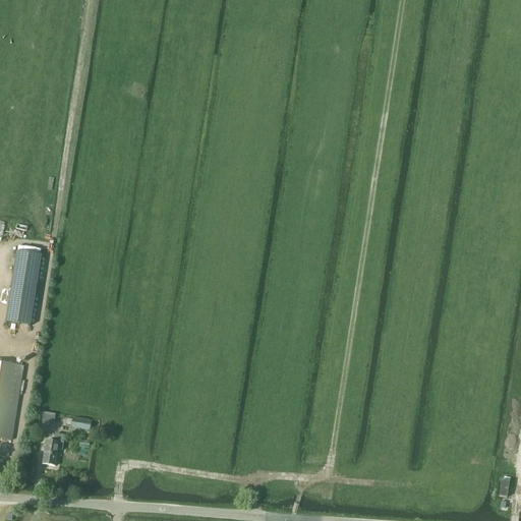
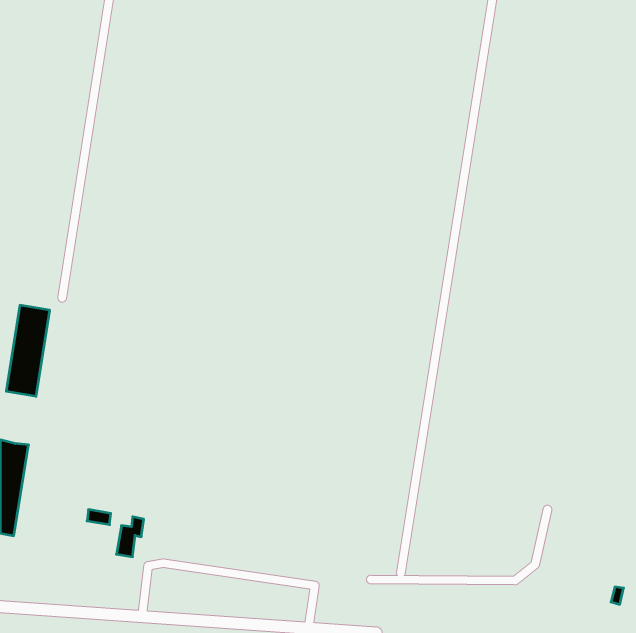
building: [42,431,64,464] -> [116,517,144,557]

